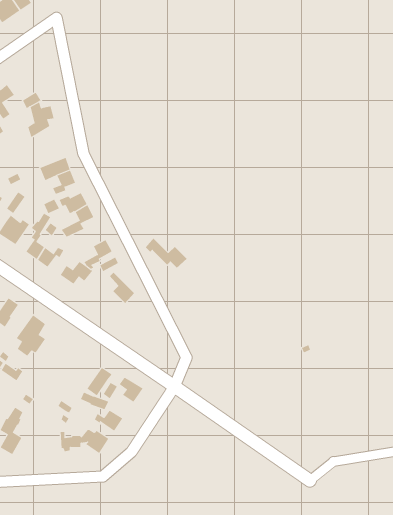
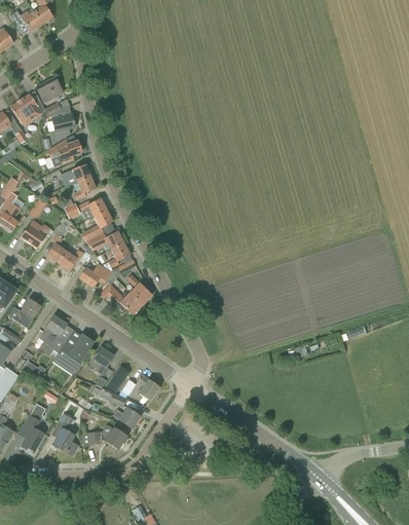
building: none -> [35,77,64,104]
building: none -> [48,140,82,167]
building: none -> [86,231,124,252]
building: [145,237,188,269] -> [102,285,143,314]
building: none -> [52,334,94,375]
building: none -> [95,347,115,381]
building: none -> [52,414,78,454]

